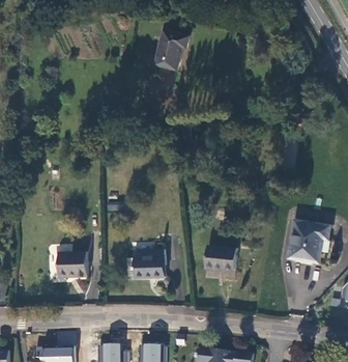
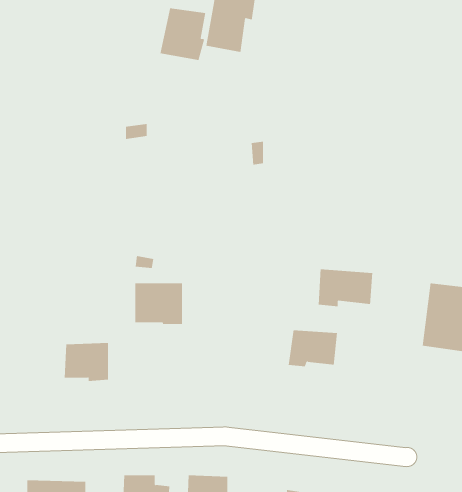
building: none -> [160,8,206,61]
building: none -> [318,269,373,307]
building: [136,255,167,282] -> [135,283,183,325]

